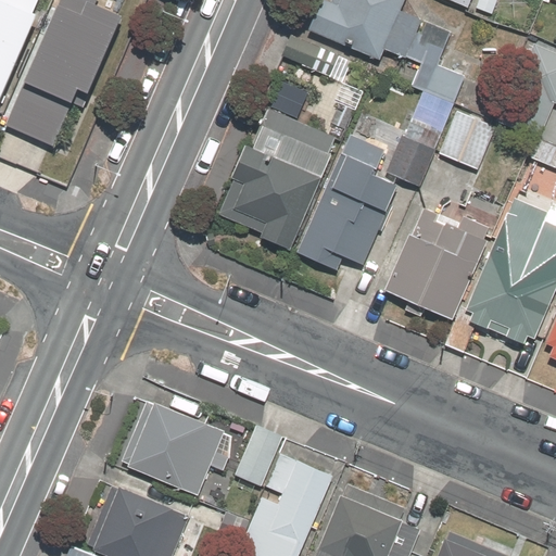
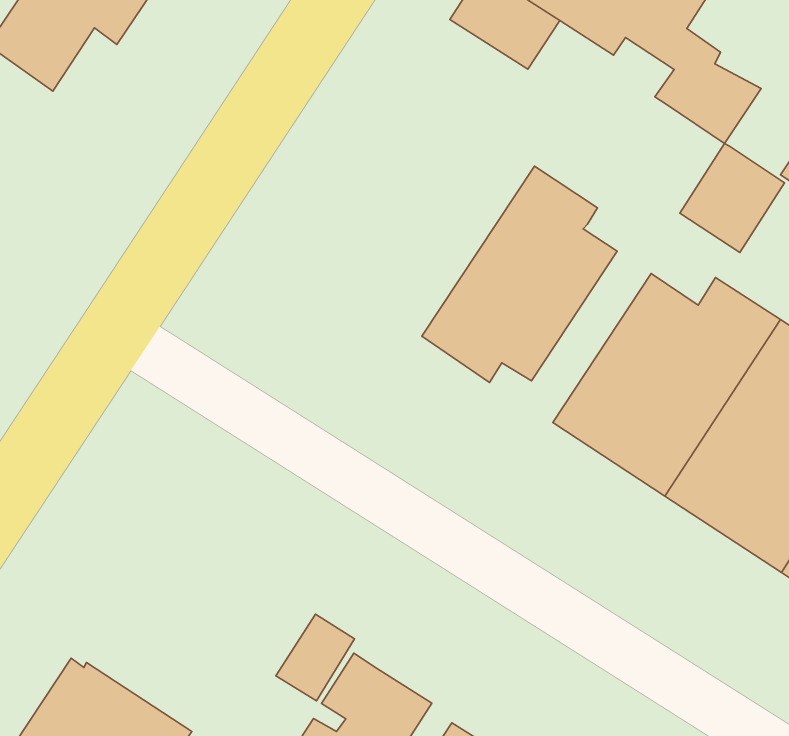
building: [380,90,454,188] -> none
building: [213,108,342,255] -> none
building: [134,402,229,496] -> none

